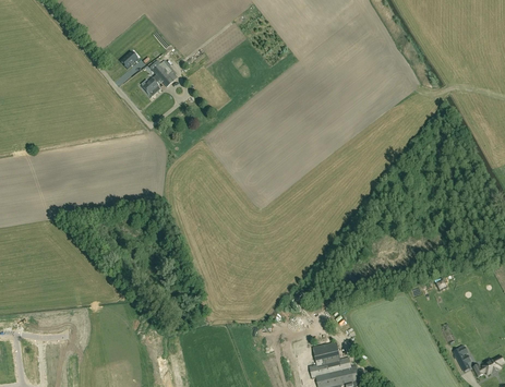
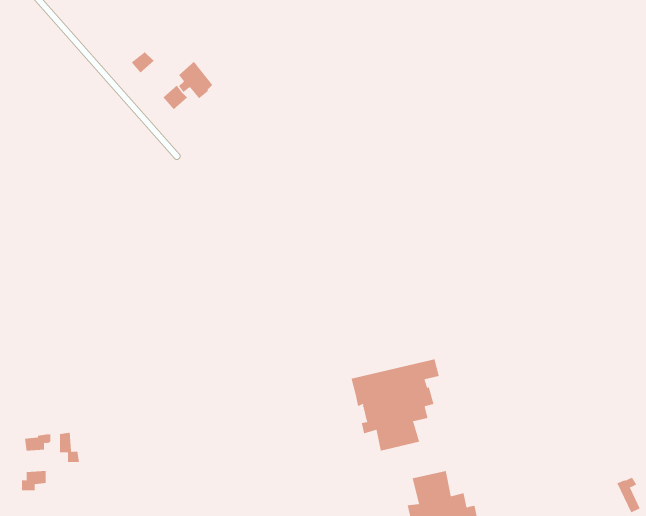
building: none -> [351,359,440,451]

